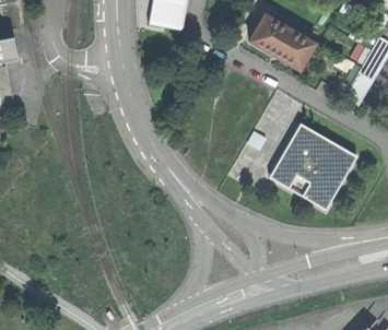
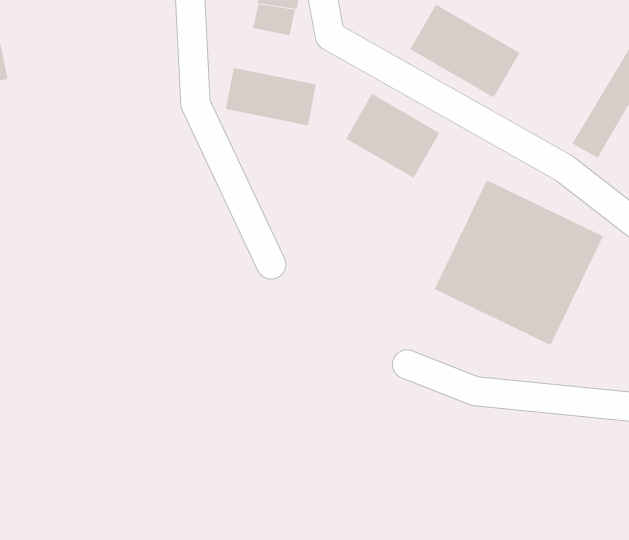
building: none -> [225,67,317,126]
building: none -> [345,93,440,179]

